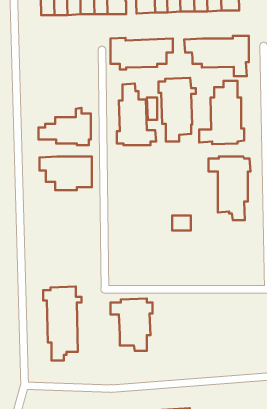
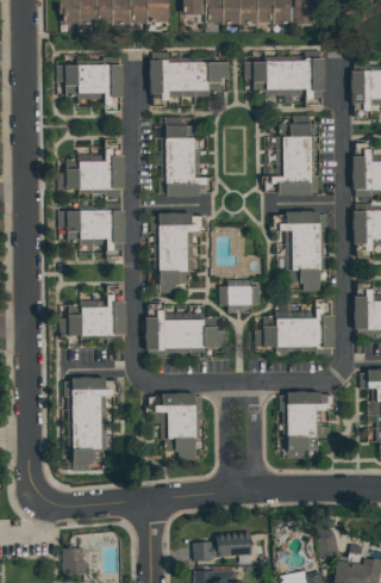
building: none -> [56,64,123,98]
building: [159,78,196,141] -> [150,211,198,292]
building: none -> [58,293,126,334]
building: none -> [254,308,336,354]
building: none -> [145,309,226,358]
building: none -> [283,393,338,459]

